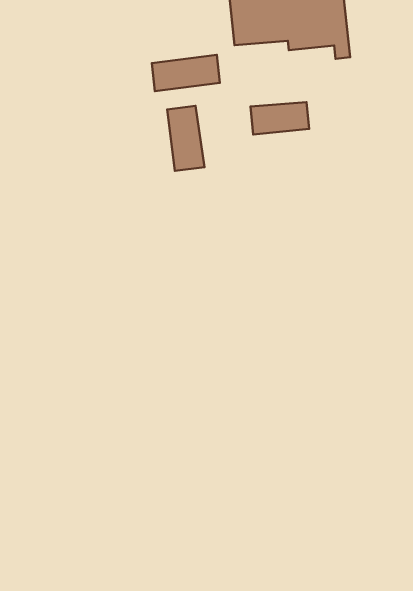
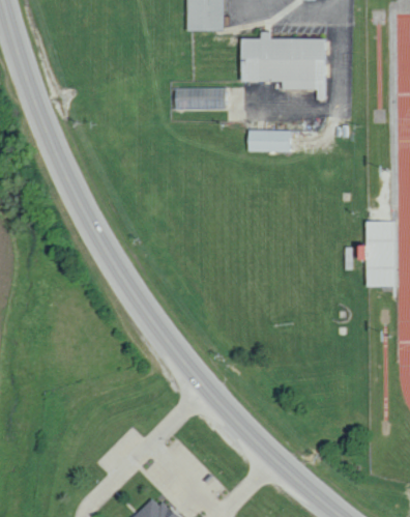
building: [167,106,204,171] -> none

